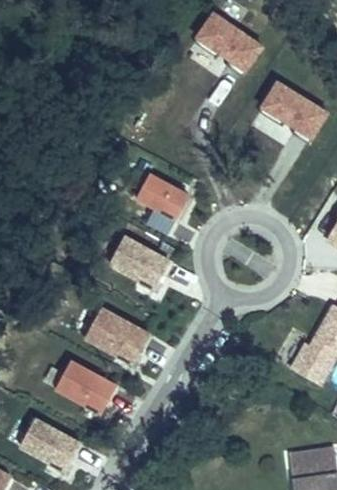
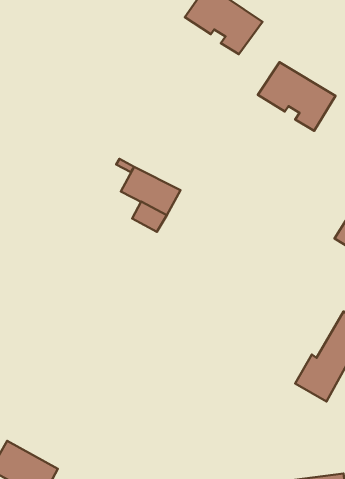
building: [110,236,169,287] -> none
building: [88,311,147,362] -> none
building: [56,360,116,411] -> none

